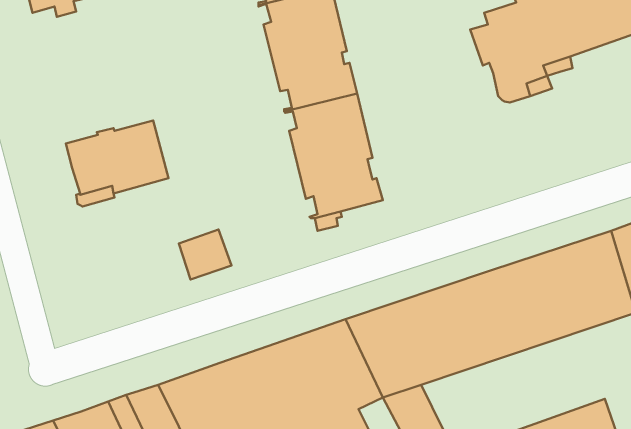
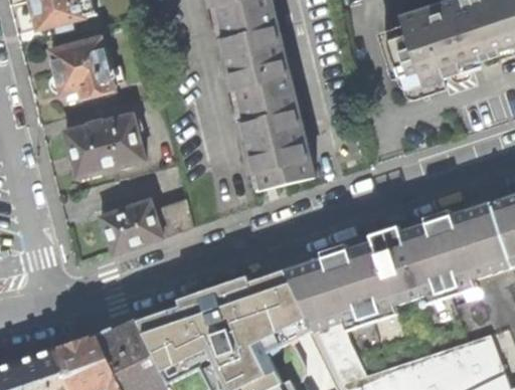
building: none -> [51,35,125,95]
building: none -> [100,198,163,253]

